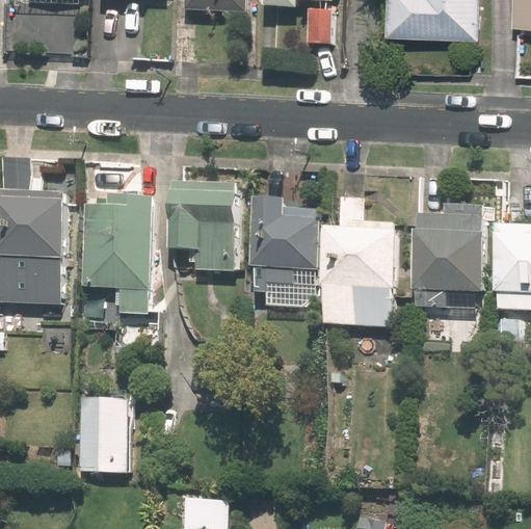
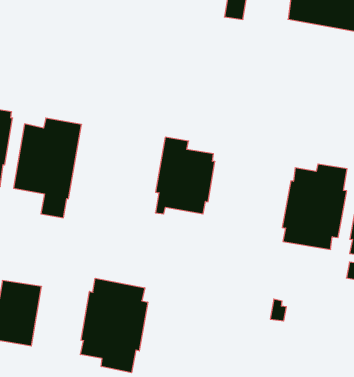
building: [171,180,241,270] -> none
building: [326,197,398,325] -> none
building: none -> [80,278,148,373]

